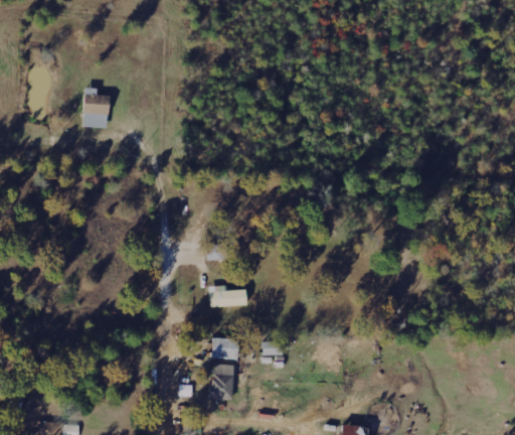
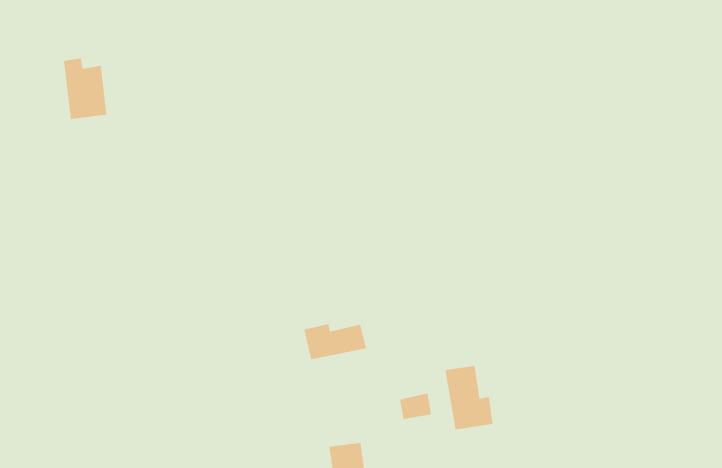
building: none -> [445,365,493,430]
building: [212,338,238,358] -> none

